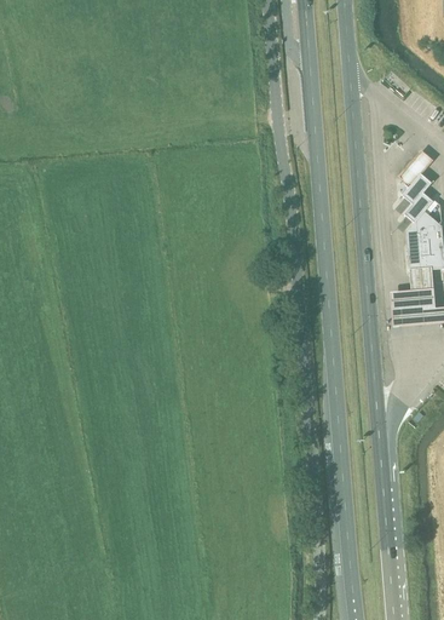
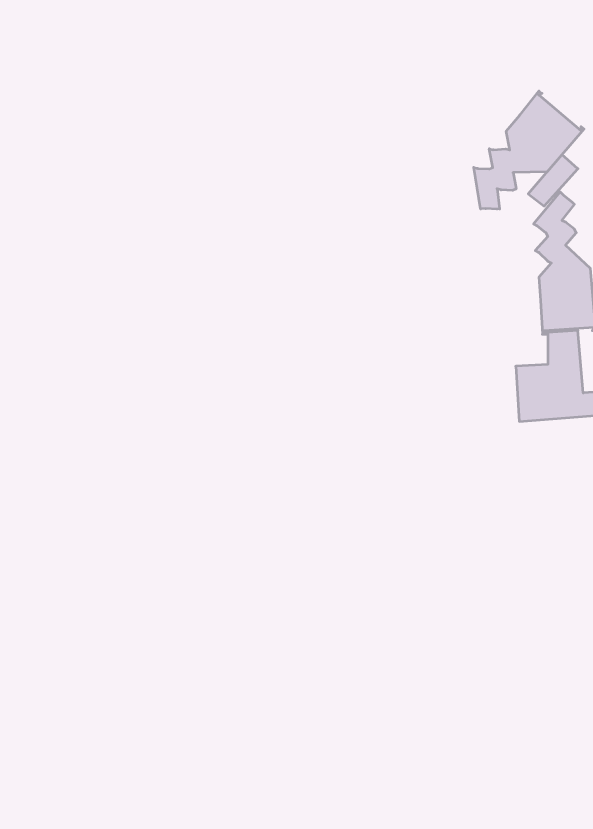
building: none -> [474,91,584,209]

